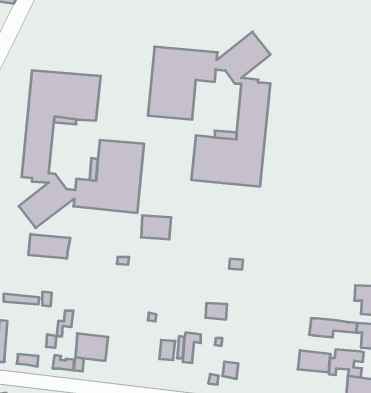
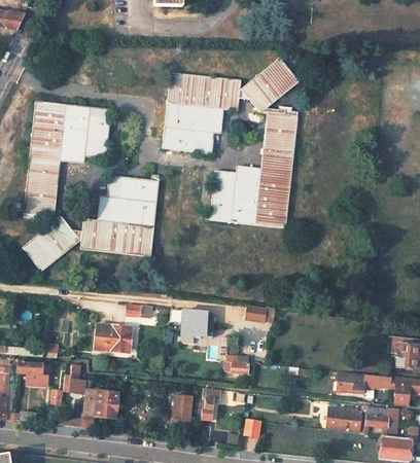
building: [141,216,171,239] -> [181,310,214,335]
building: [29,234,70,259] -> none
building: none -> [95,323,132,352]
building: none -> [16,361,49,385]

